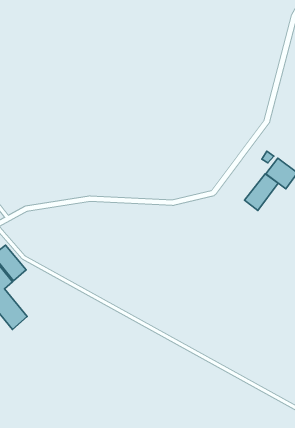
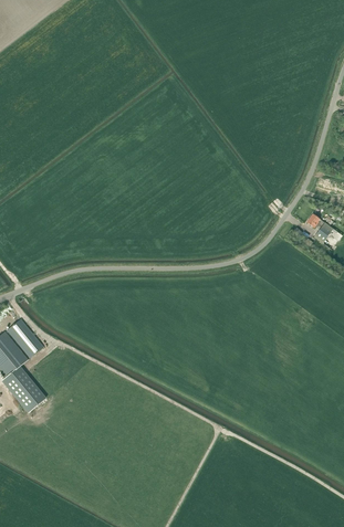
building: [245,174,278,211] -> none

